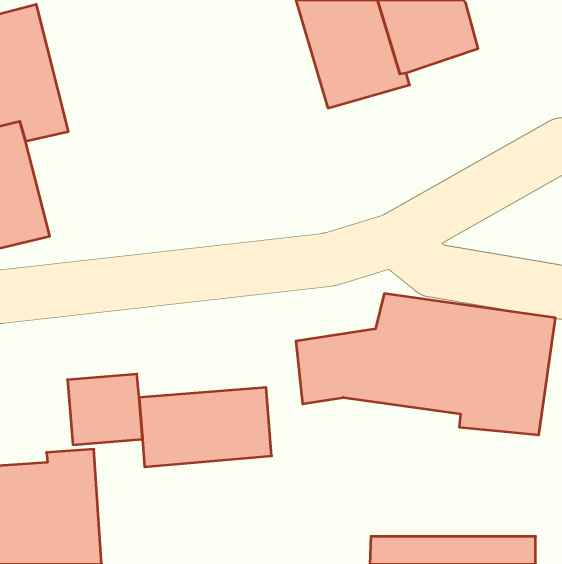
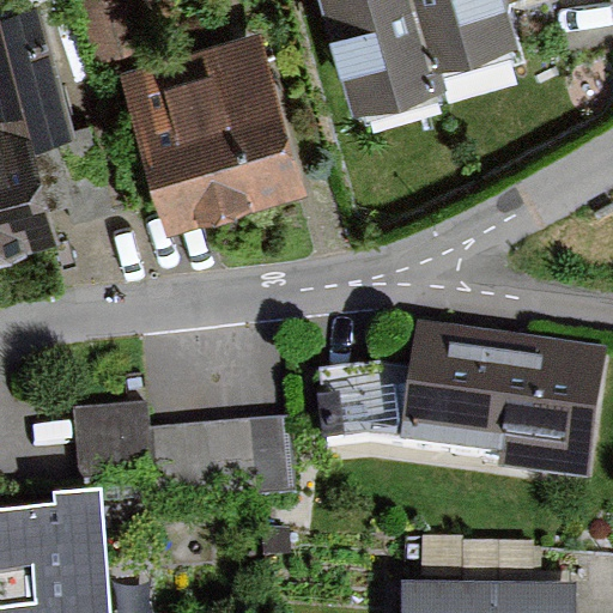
building: none -> [119,35,309,238]

